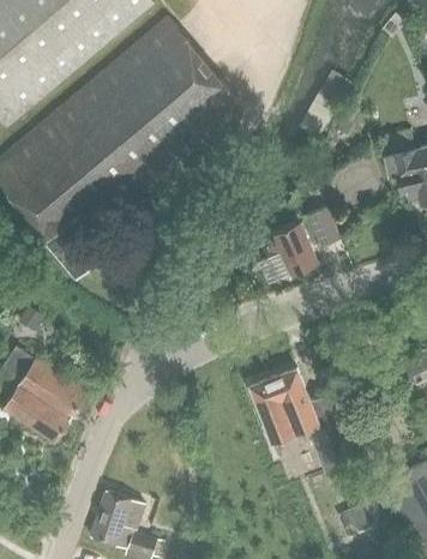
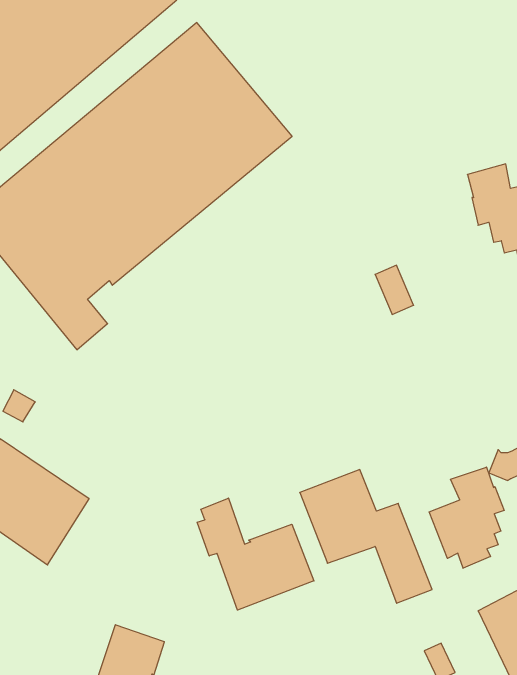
building: [267,223,317,278] -> none
building: none -> [429,467,504,568]
building: none -> [197,498,314,610]

